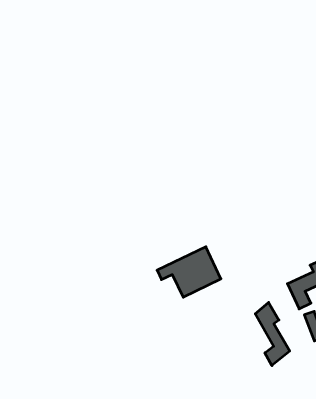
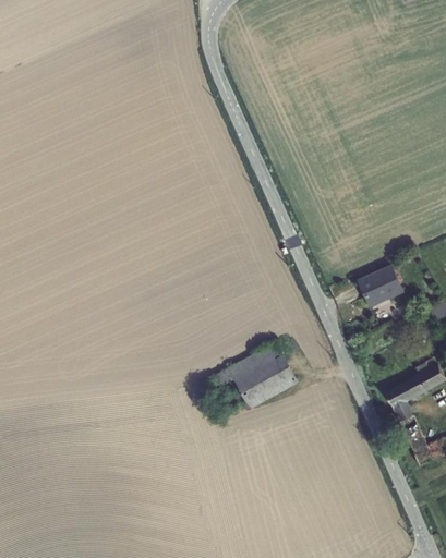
building: none -> [357,264,405,307]
building: [255,302,290,366] -> none

